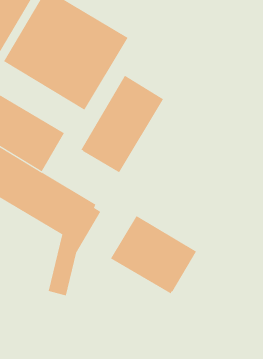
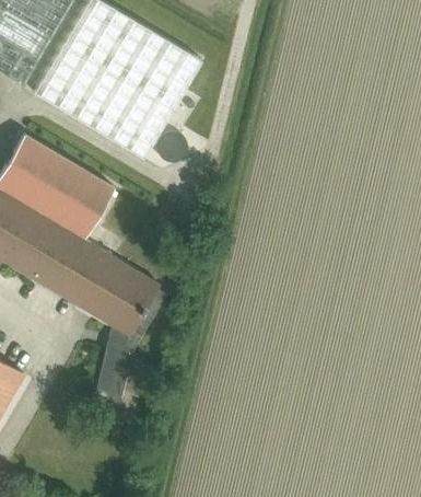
building: [80,75,164,173] -> none
building: [110,215,197,294] -> none

